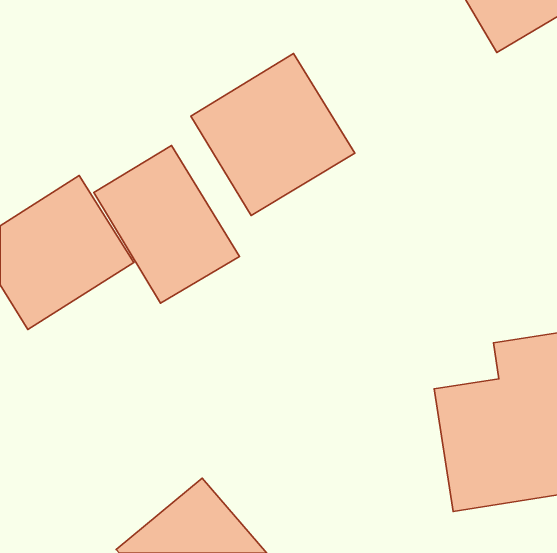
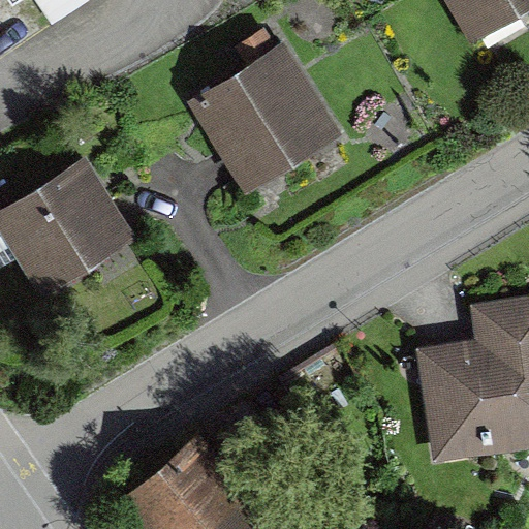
building: [94,145,239,303] -> none

